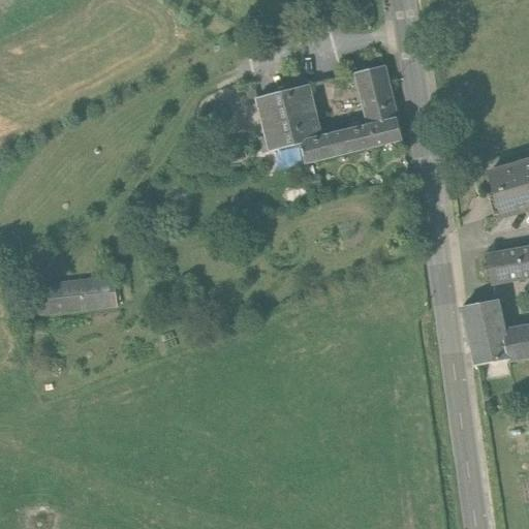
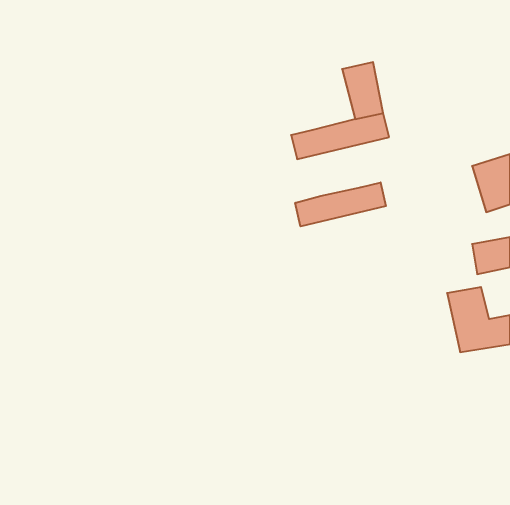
building: [255,83,322,148] -> none
building: none -> [295,182,386,226]
building: [34,274,116,312] -> none

